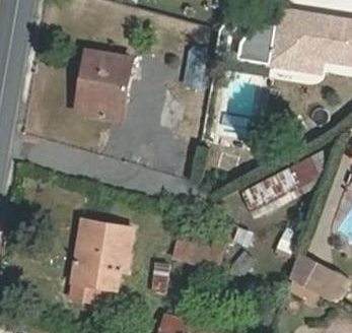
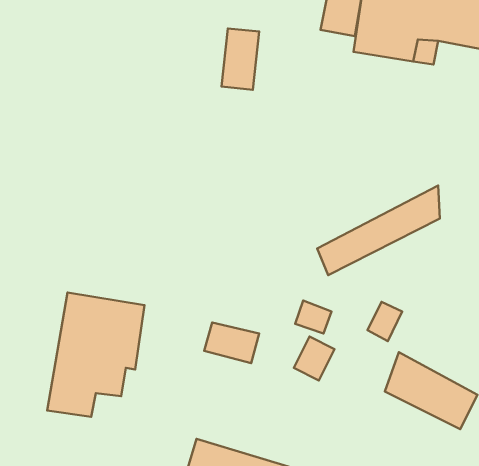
building: [75,50,131,120] -> none

